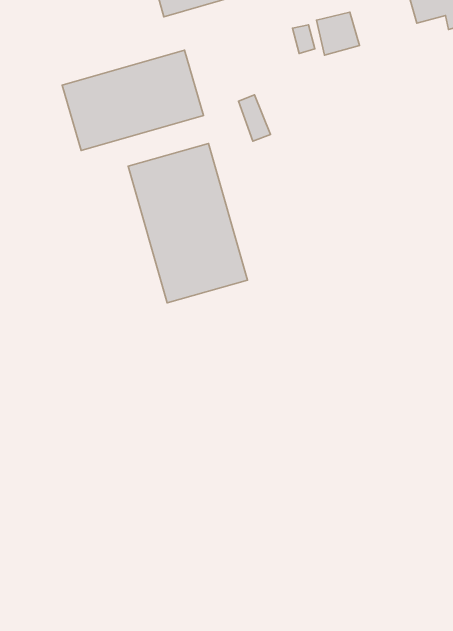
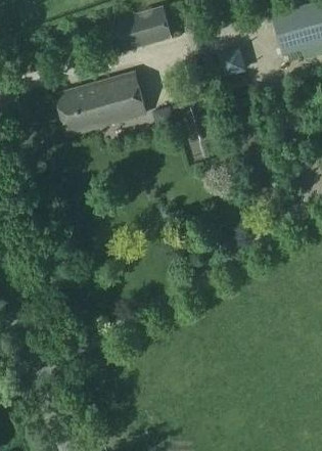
building: [128,144,247,303] -> none

